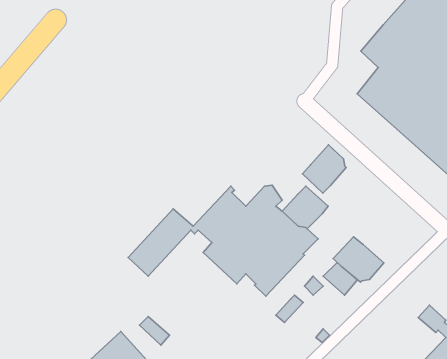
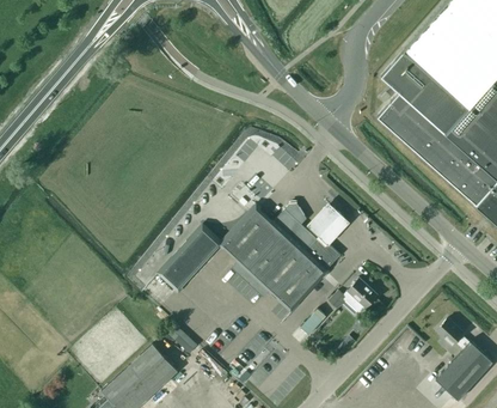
building: [303,145,346,193] -> none
building: [333,237,384,282] -> none

